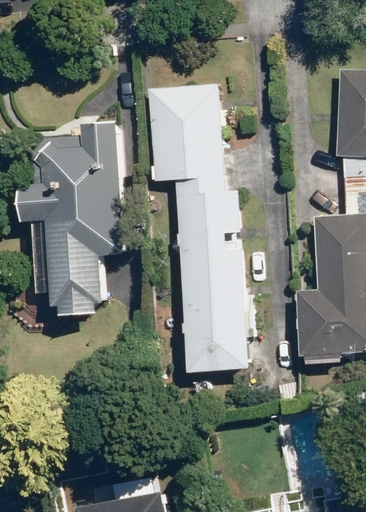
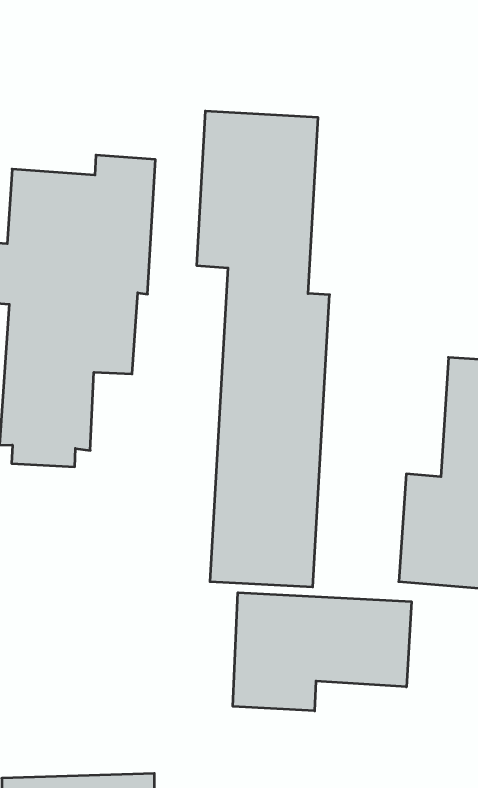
building: none -> [233,593,411,711]

